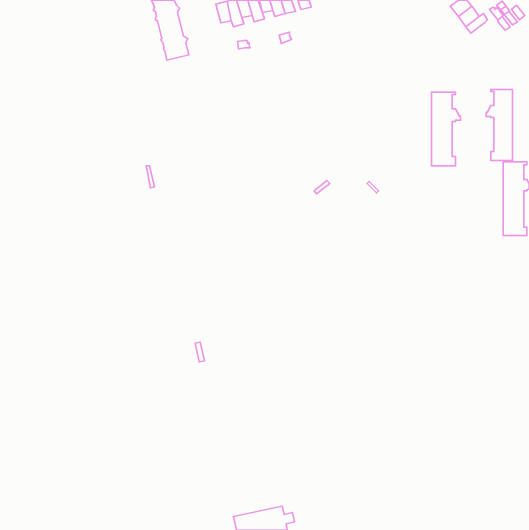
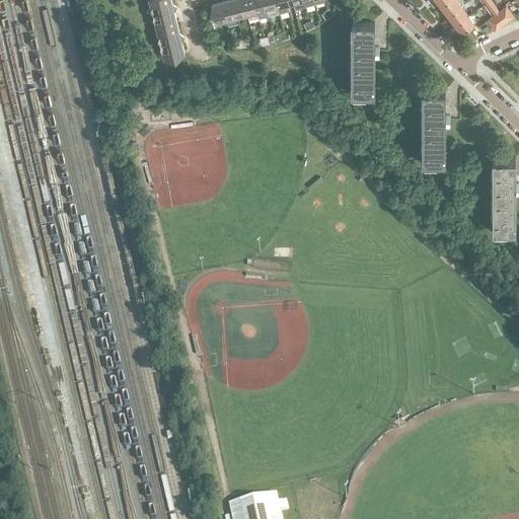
building: none -> [351,21,379,94]
building: [486,89,512,161] -> none

